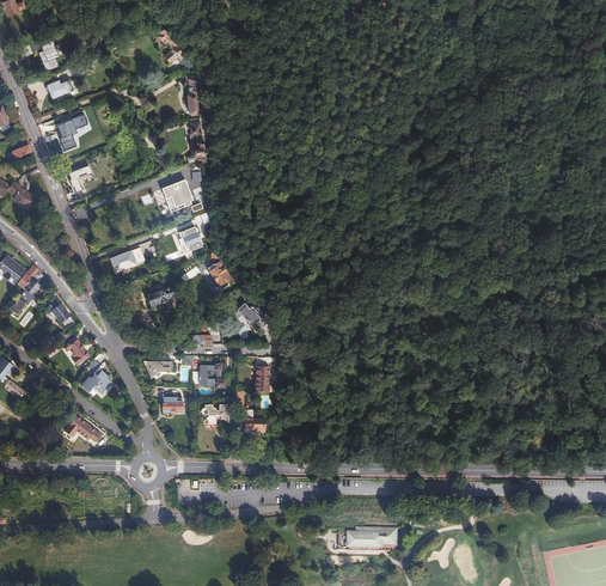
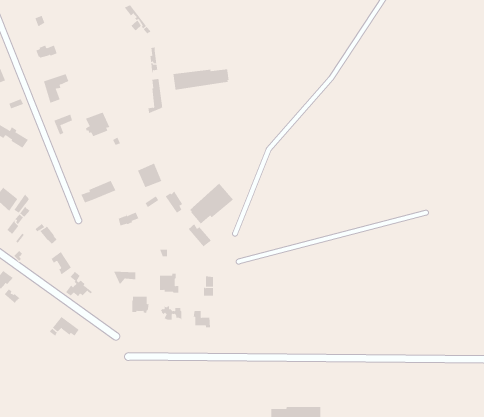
building: none -> [173,68,229,90]
building: [163,178,194,209] -> [85,112,110,137]
building: none -> [189,183,234,224]

